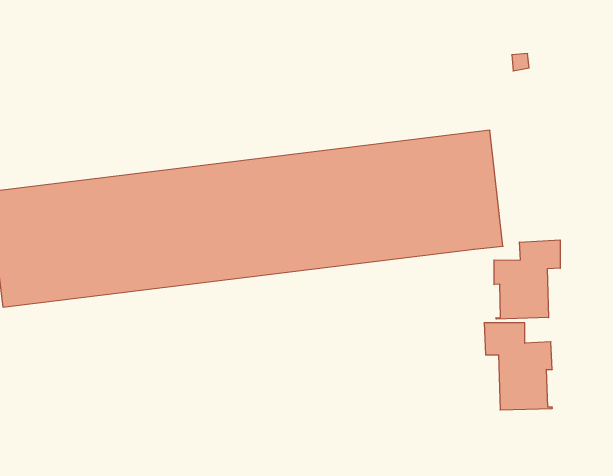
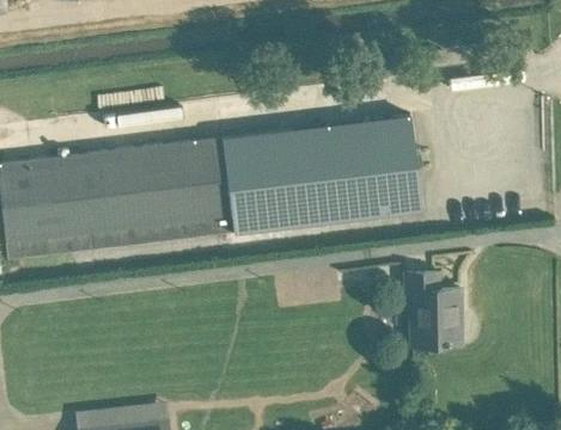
building: [494,240,560,319] -> none

